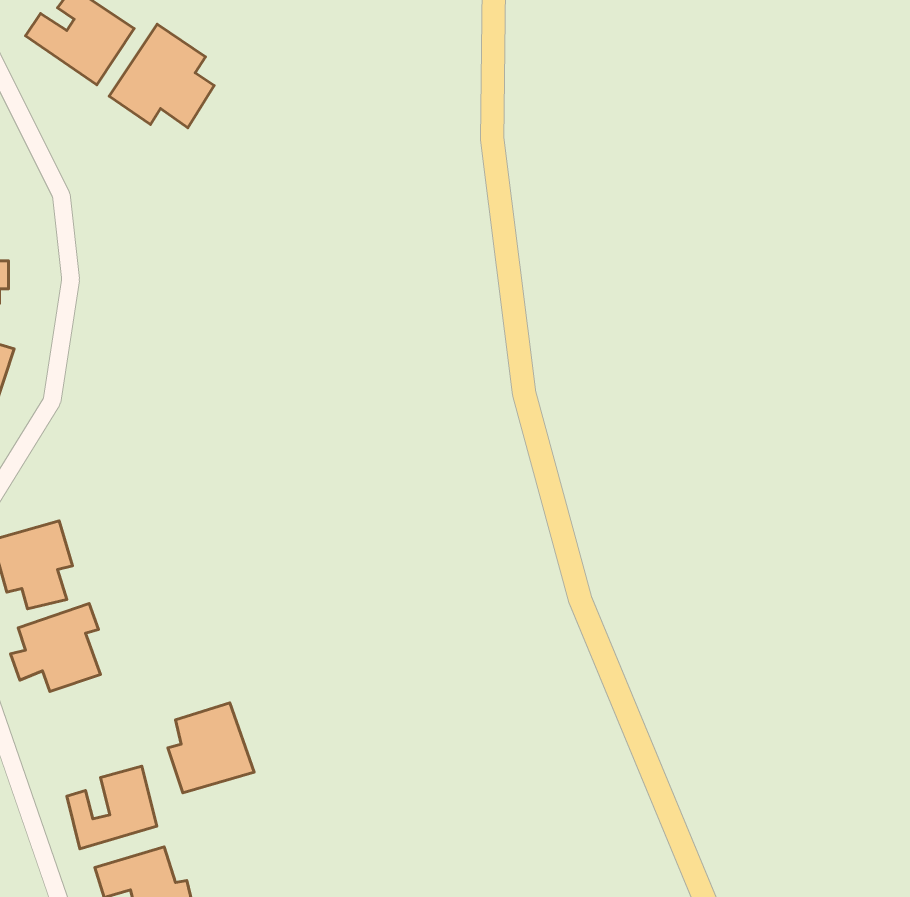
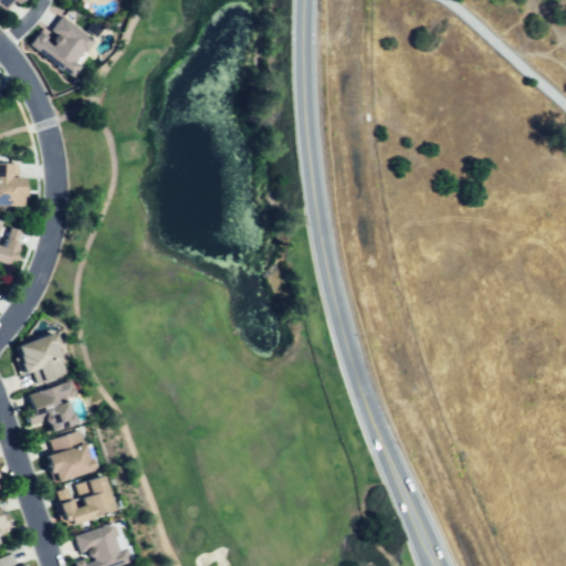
building: [109,24,214,128] -> none
building: [168,703,254,793] -> [48,428,98,481]

